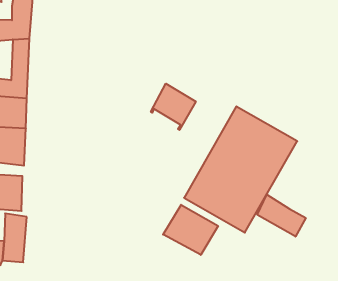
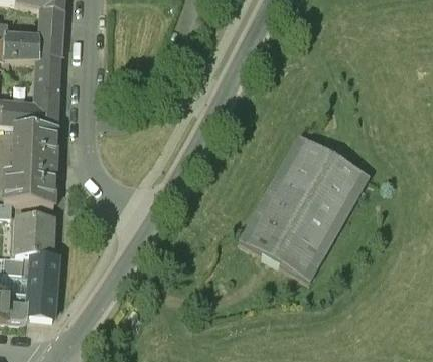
building: [151,84,196,130] -> none
building: [257,194,306,237] -> none
building: [163,205,218,255] -> none

